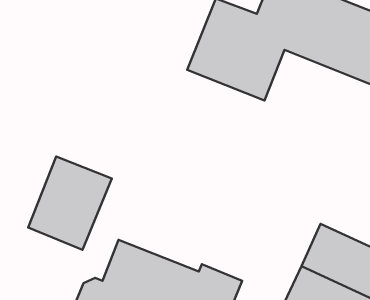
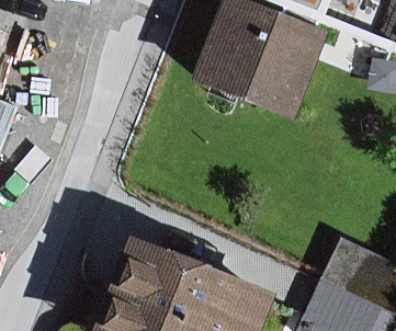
building: [28,157,112,250] -> none

